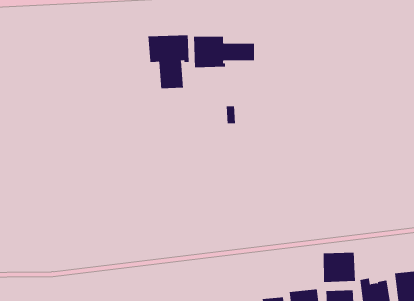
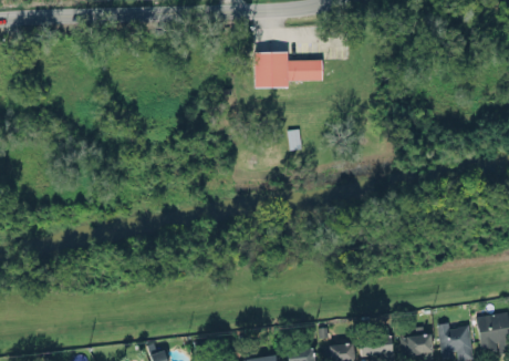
building: [148,34,189,89] -> none
building: [323,252,356,283] -> none

